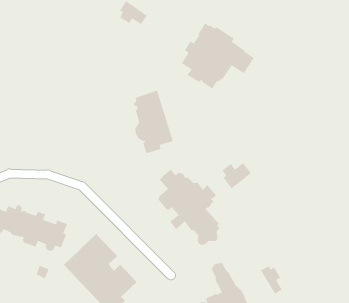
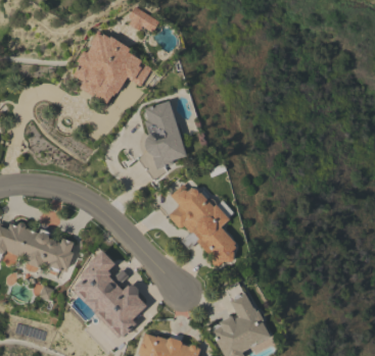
building: [181,22,255,90] -> [73,31,151,102]
building: [221,162,252,189] -> none
building: [260,265,283,295] -> none

